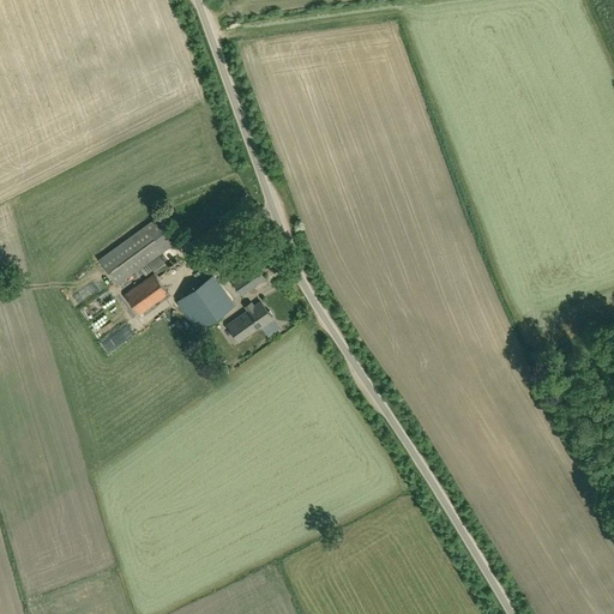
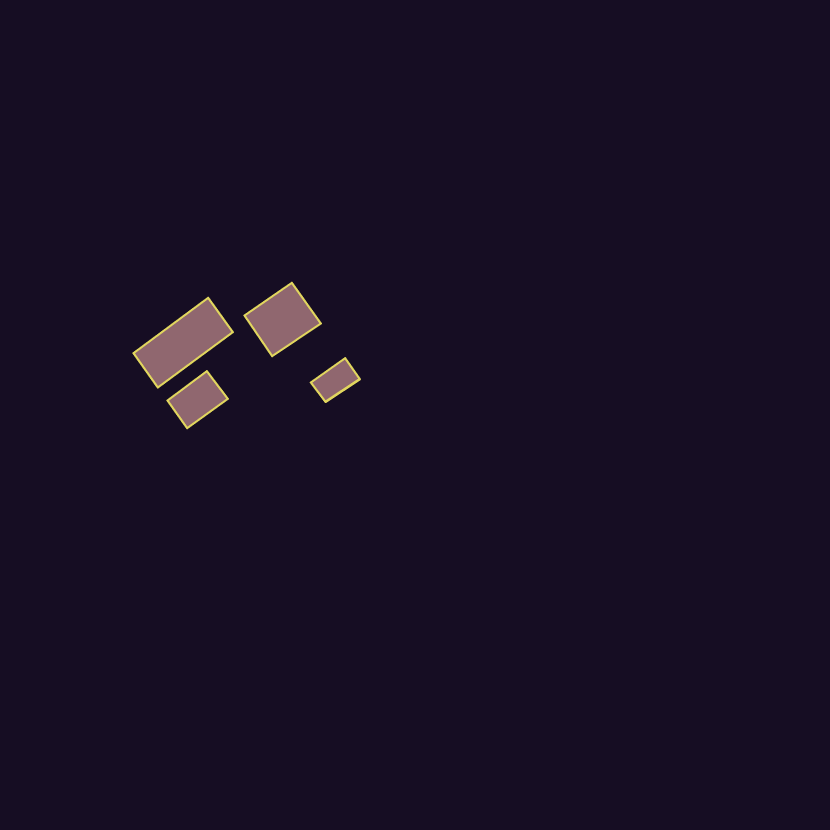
building: [176,277,233,331] -> [244,283,321,356]
building: [225,305,270,343] -> none

